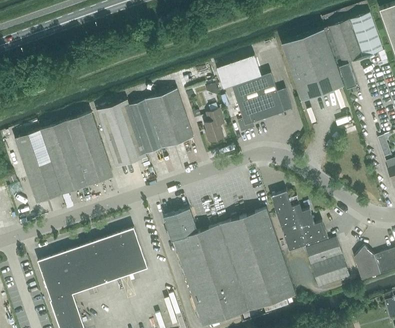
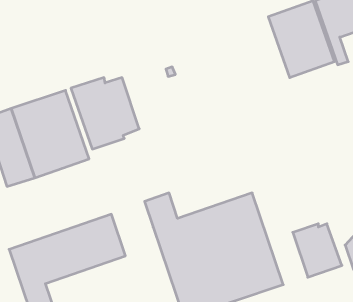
building: [216,55,292,133] -> none
building: [144,90,193,149] -> none
building: [204,110,224,143] -> none
building: [270,192,328,251] -> none

